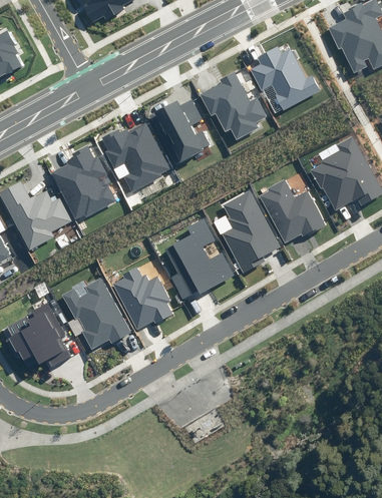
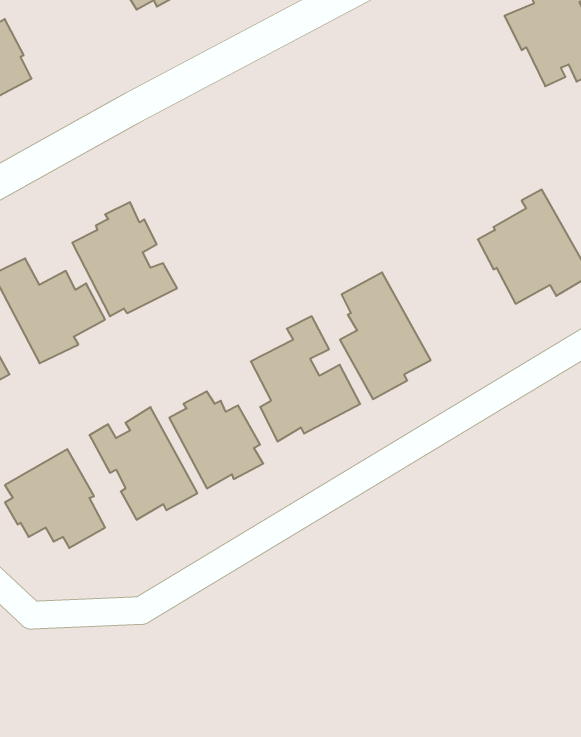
building: [250,46,320,109] -> none
building: [199,72,267,139] -> none
building: [148,100,211,164] -> none
building: [101,122,168,192] -> none
building: [259,180,325,242] -> none

